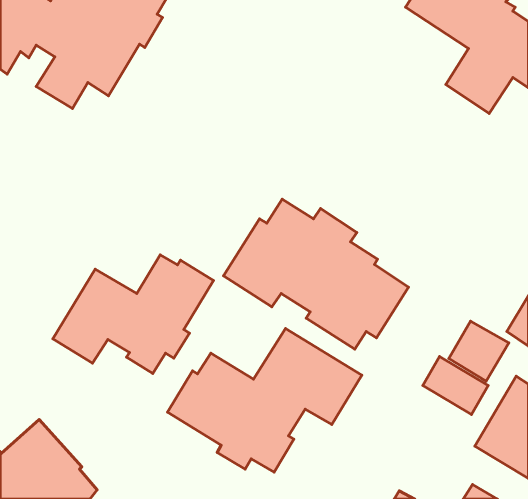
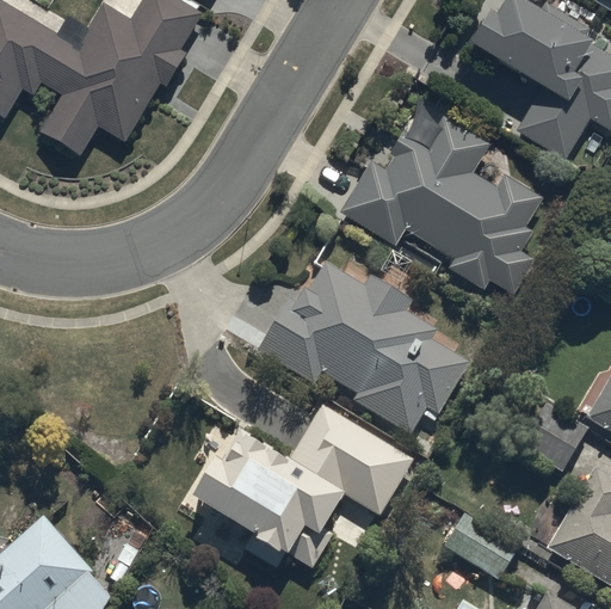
building: none -> [338,116,541,293]
building: [53,255,213,374] -> none
building: [423,357,488,414] -> [443,512,518,579]

